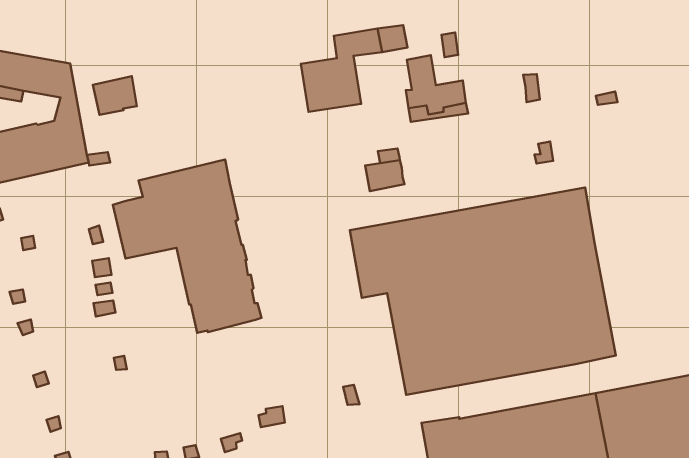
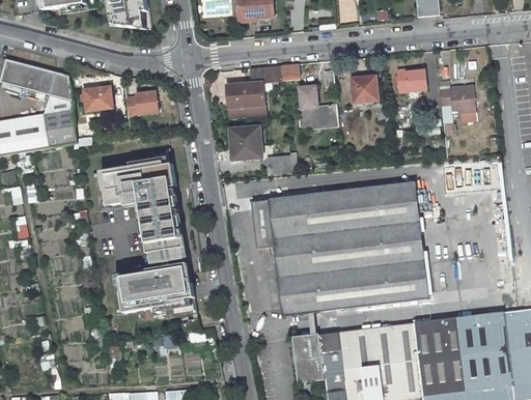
building: none -> [396,68,426,90]
building: none -> [351,75,378,102]
building: none -> [439,85,475,112]
building: none -> [125,90,158,115]
building: none -> [229,125,261,159]
building: none -> [108,262,196,321]

